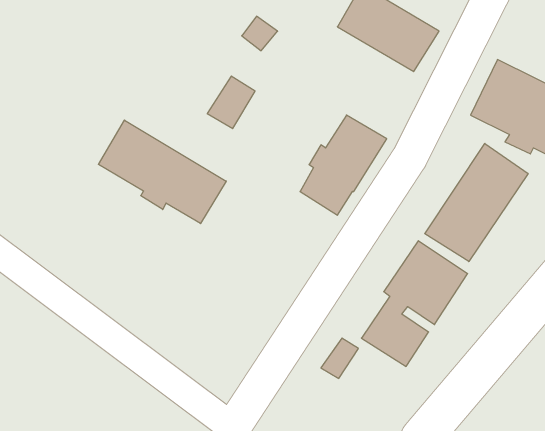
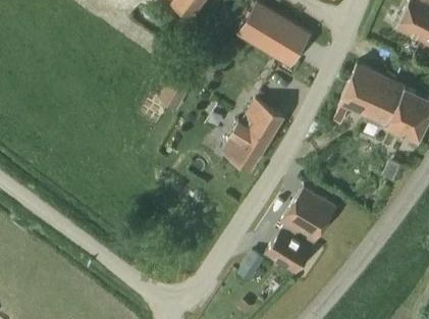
building: [98,120,226,224] -> none
building: [425,143,528,262] -> none

